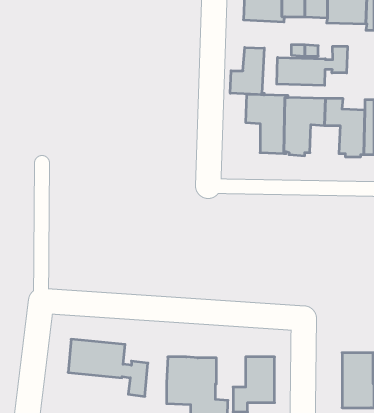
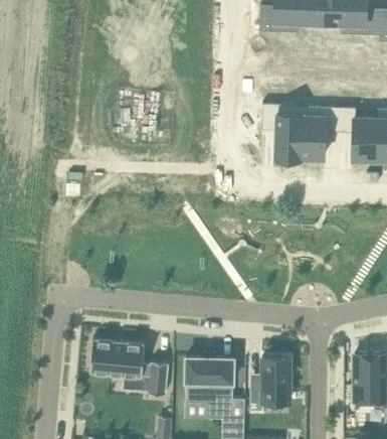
building: [277,46,347,85] -> none
building: [230,47,264,95] -> none

